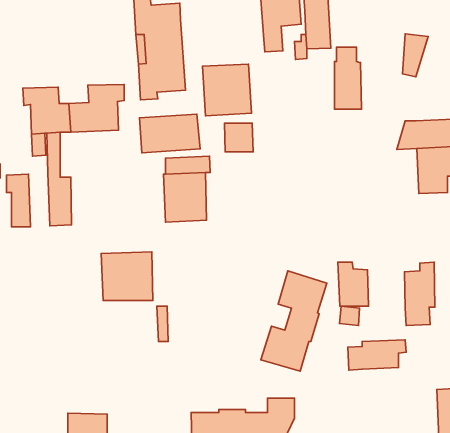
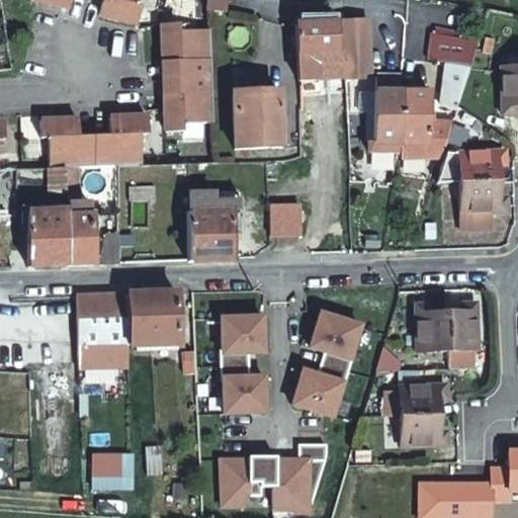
building: none -> [430,32,479,63]
building: none -> [400,90,454,154]
building: [140,114,200,153] -> none
building: [224,123,253,152] -> [268,202,298,233]
building: none -> [49,207,71,264]
building: none -> [77,292,128,367]
building: [338,262,368,306] -> [415,304,447,350]
building: none -> [221,315,268,414]
building: none -> [402,413,450,446]

